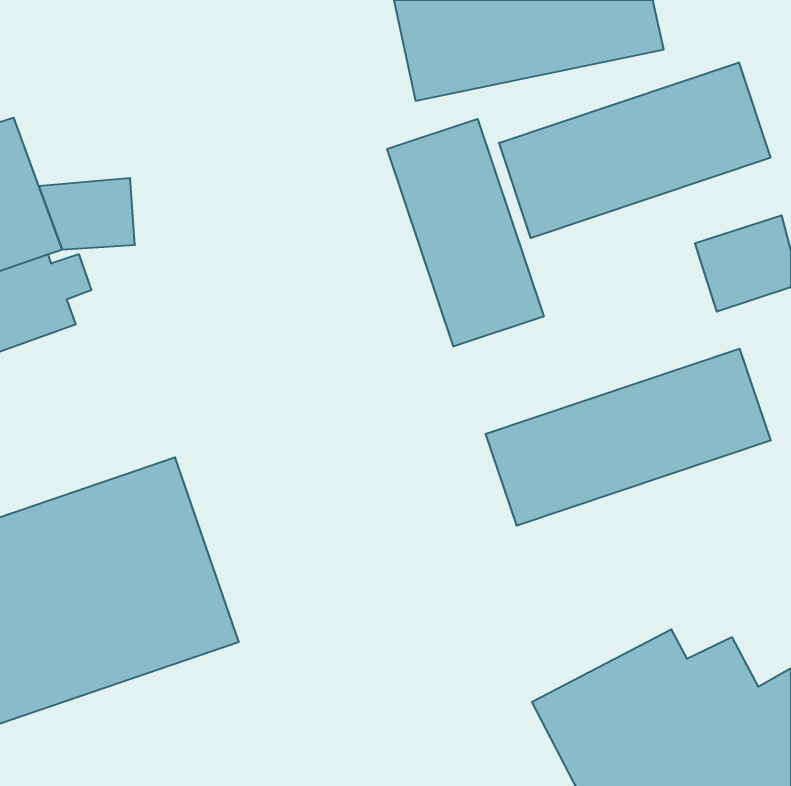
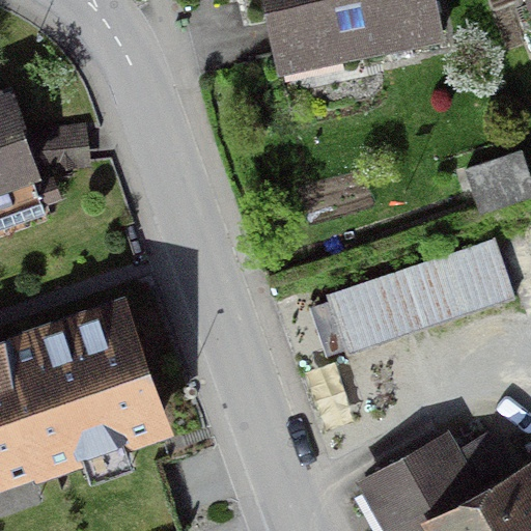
building: [499,62,770,238] -> none
building: [387,119,544,347] -> none

